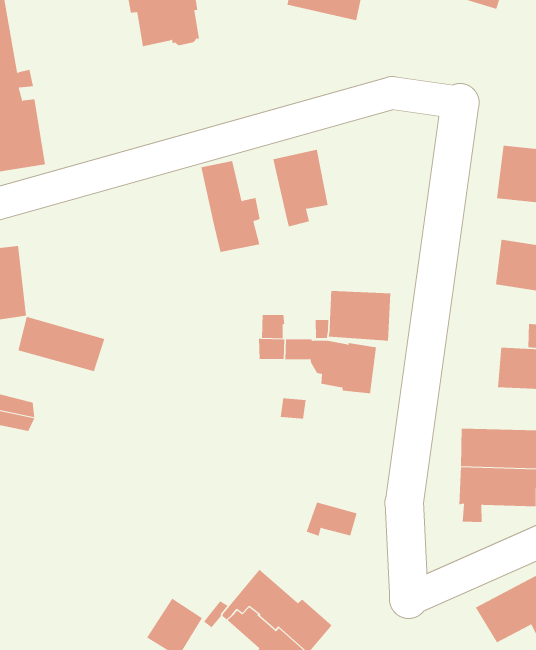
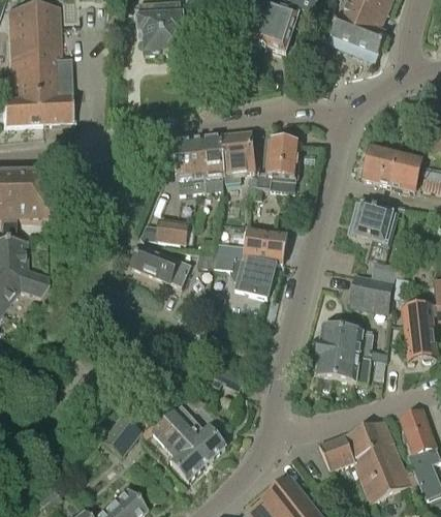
building: none -> [194,131,224,191]
building: none -> [247,142,300,200]
building: none -> [155,217,190,244]
building: [17,316,105,372] -> [132,244,190,285]

